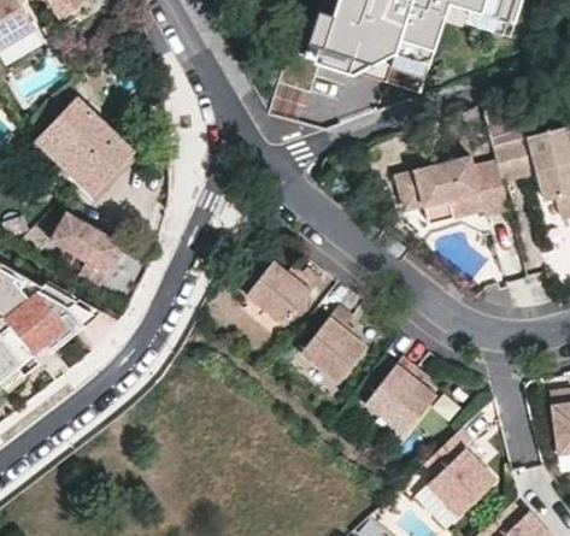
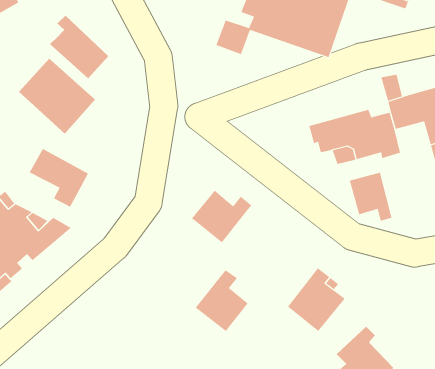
building: none -> [49,15,109,79]
building: none -> [349,172,392,222]
building: [301,306,368,383] -> [195,270,248,332]

